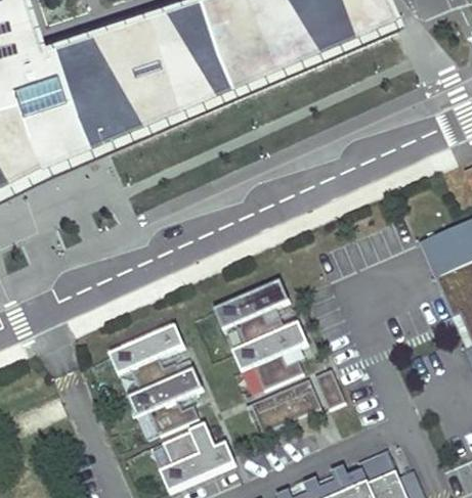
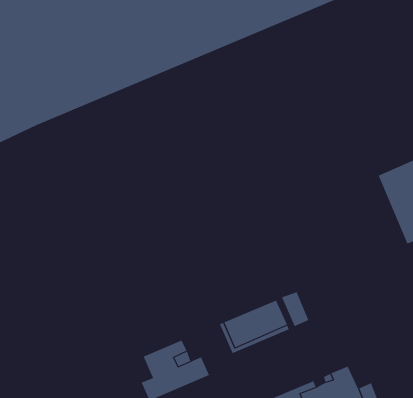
building: [213,276,306,386] -> none
building: [108,321,202,432] -> none

